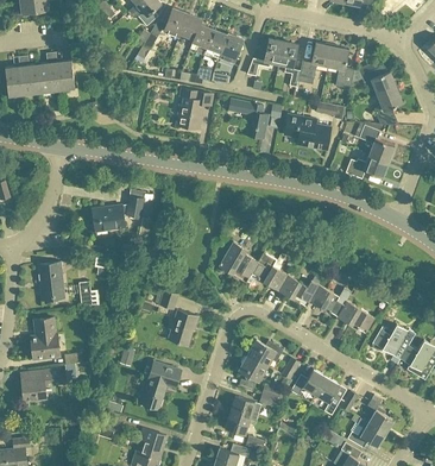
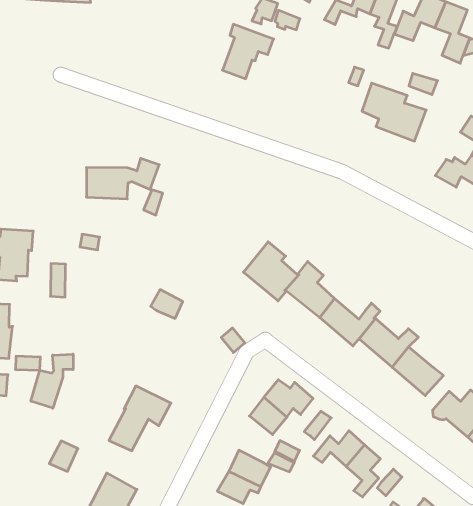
building: [229,99,267,138] -> none
building: [168,310,198,346] -> none
building: none -> [31,354,73,408]

